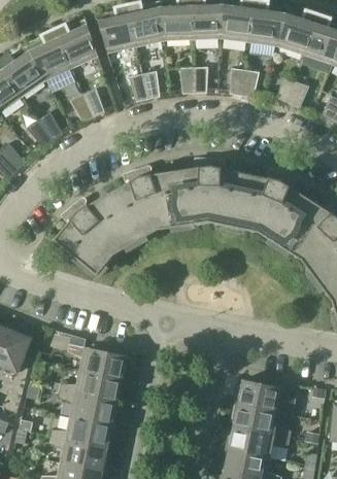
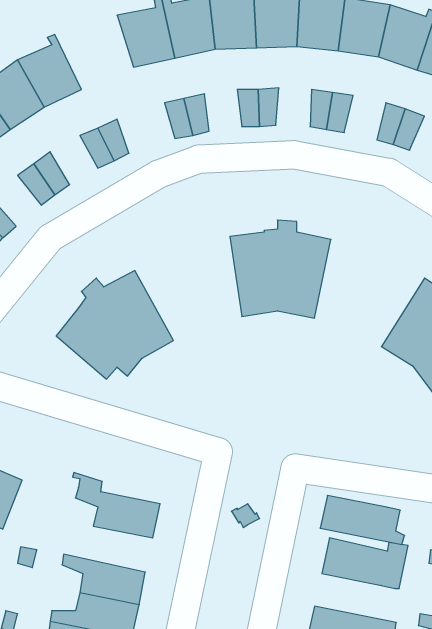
building: [53,21,98,68] -> none
building: [108,167,182,242] -> none
building: [233,170,309,246] -> none
building: [54,371,121,403] -> none
building: [233,404,292,438] -> [320,495,405,544]

